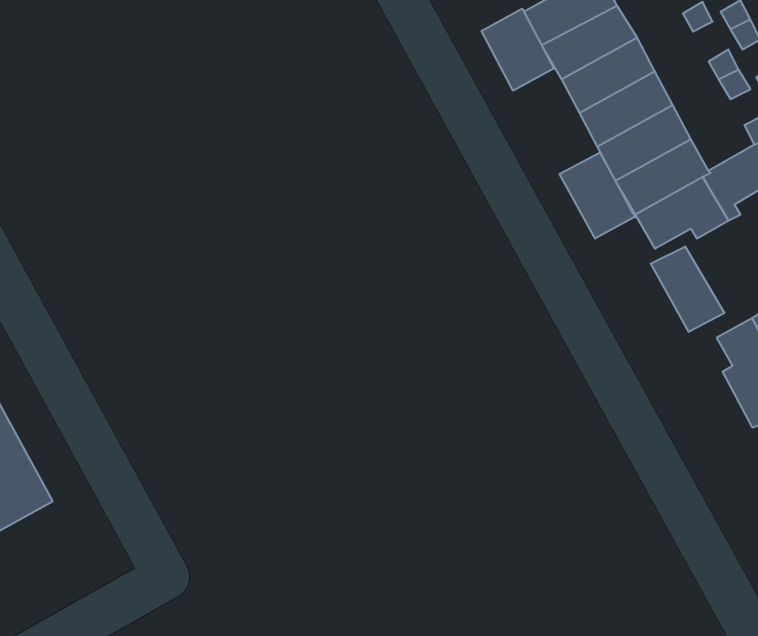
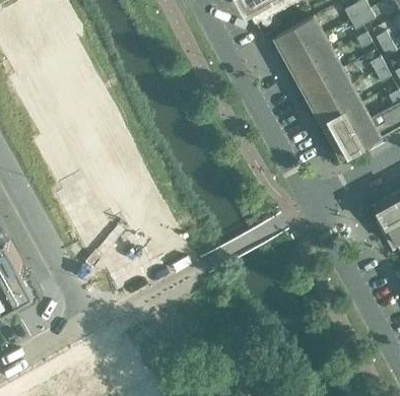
building: [482,9,554,91] -> none
building: [559,153,636,239] -> none
building: [651,246,724,332] -> none

